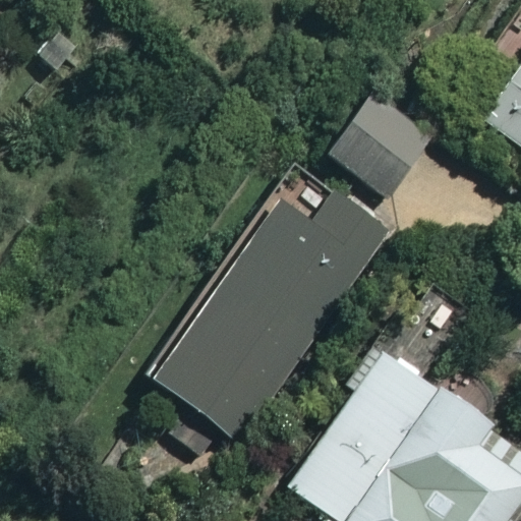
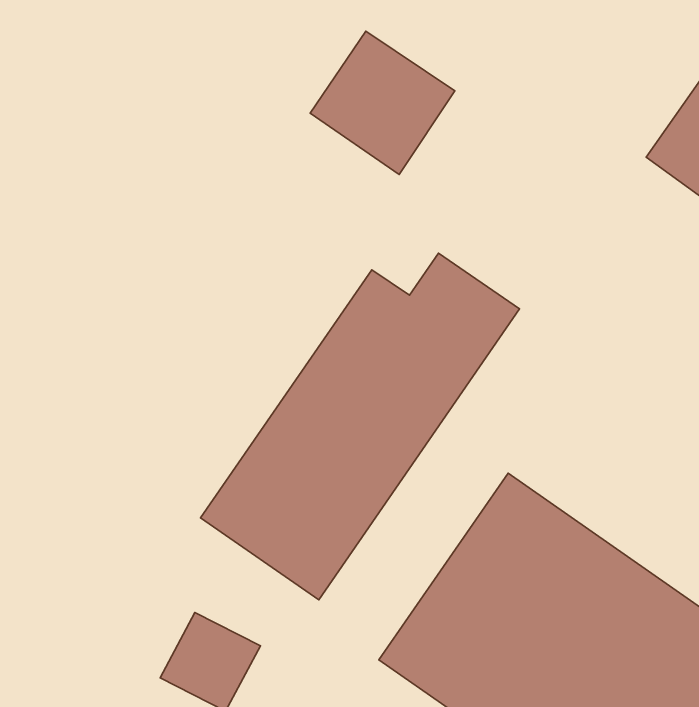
building: [327,92,432,196] -> [310,31,455,174]

